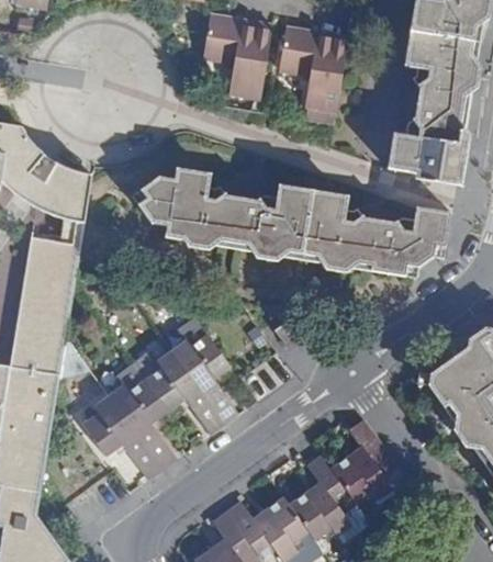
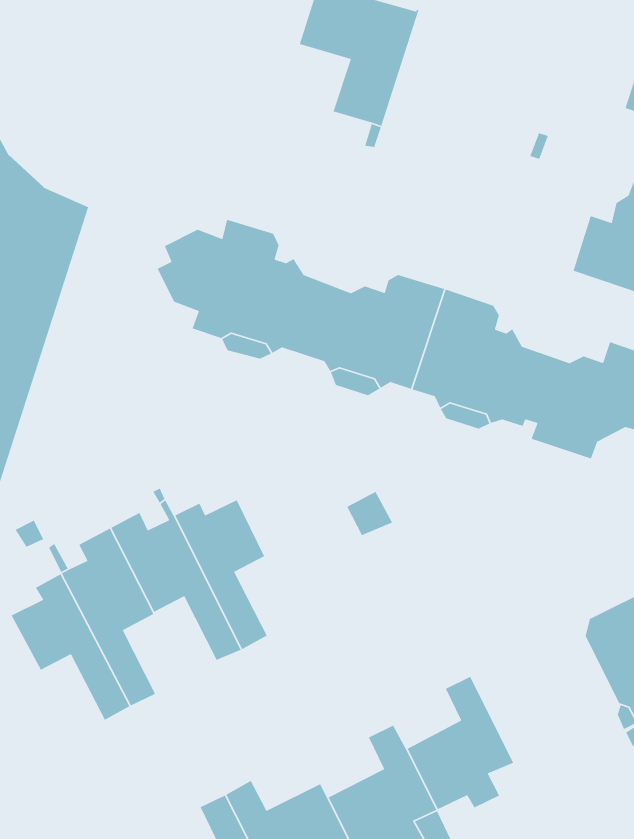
building: [278,27,347,111] -> none

